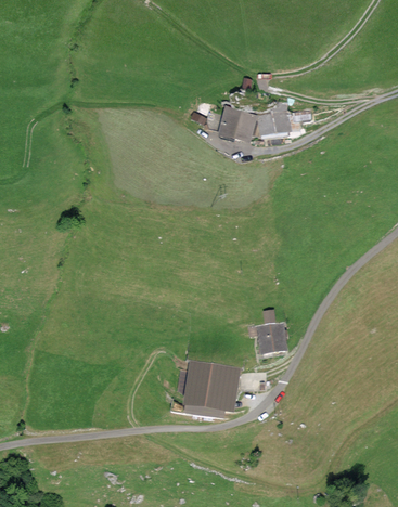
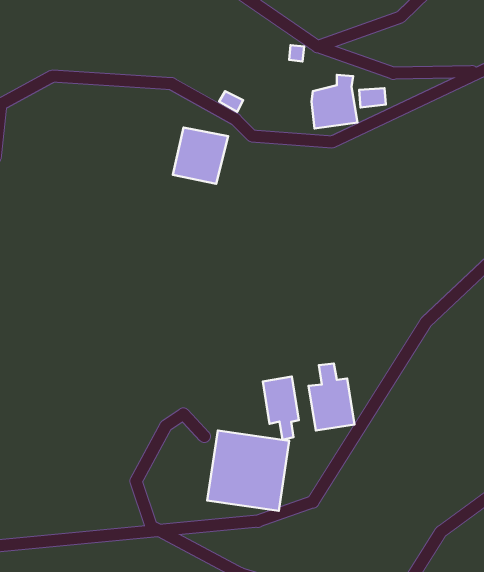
building: [217,105,257,146] -> [173,127,228,184]
building: none -> [263,376,299,440]

